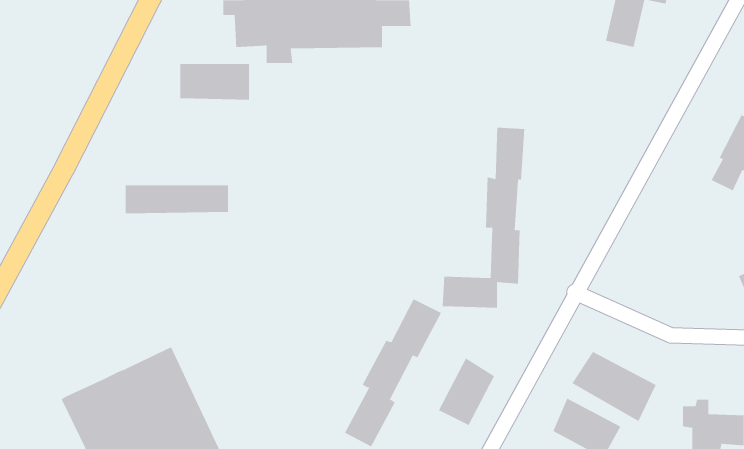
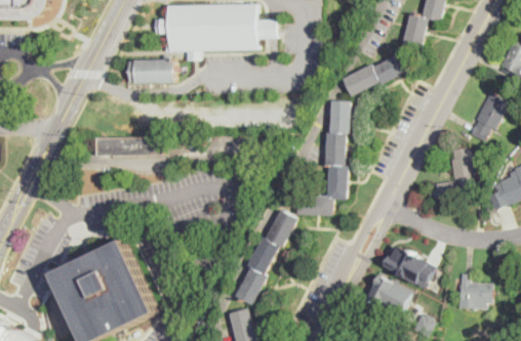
building: none -> [342,52,410,97]
building: none -> [440,157,475,199]
building: [438,357,495,426] -> none

